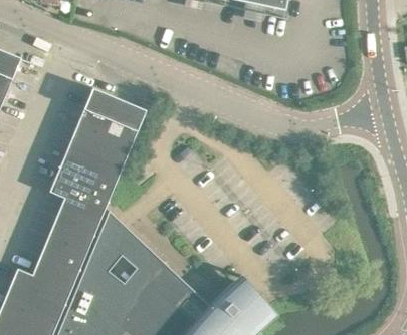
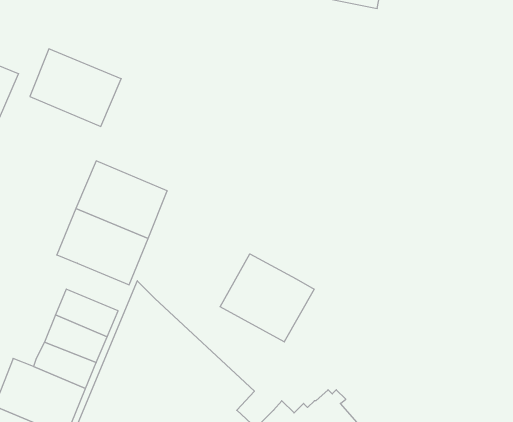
building: [78,86,146,143] -> [30,49,121,126]
building: none -> [220,254,314,342]
building: [56,197,103,232] -> none

